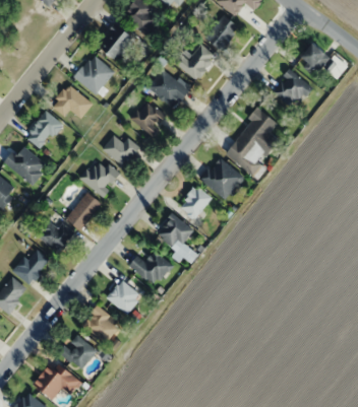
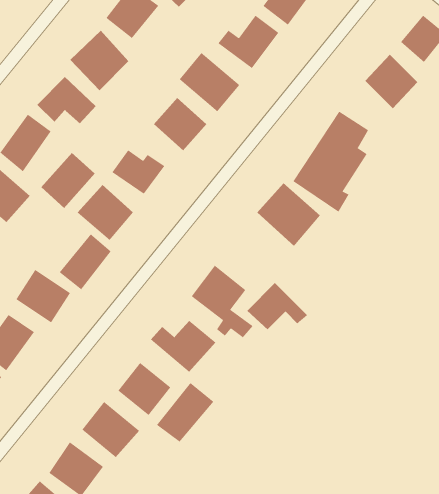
building: none -> [41,152,96,209]
building: [179,186,221,218] -> [246,282,308,330]
building: none -> [156,382,214,443]

